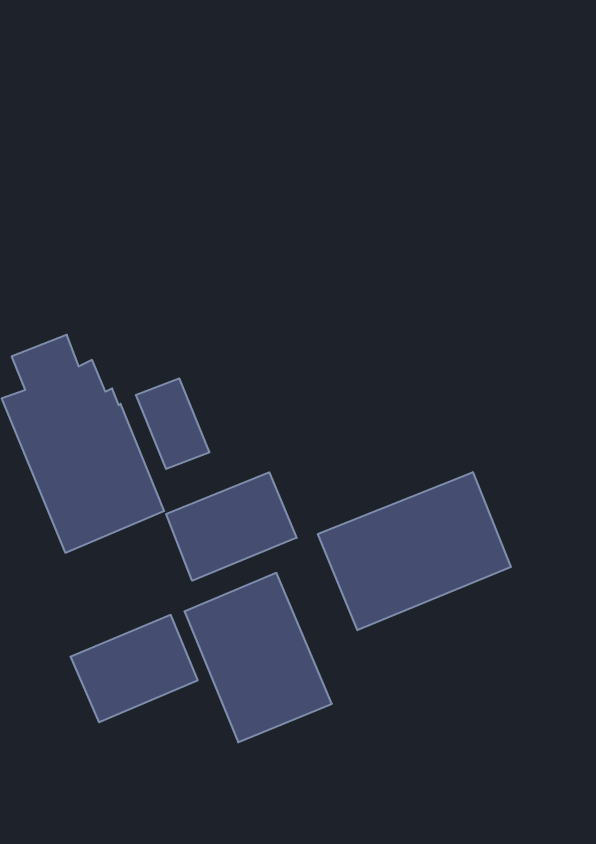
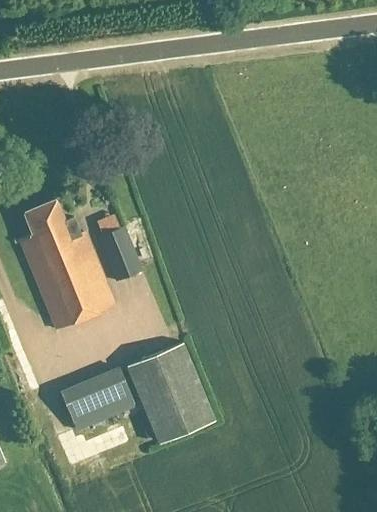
building: [318,472,511,630] -> none
building: [166,472,297,581] -> none

